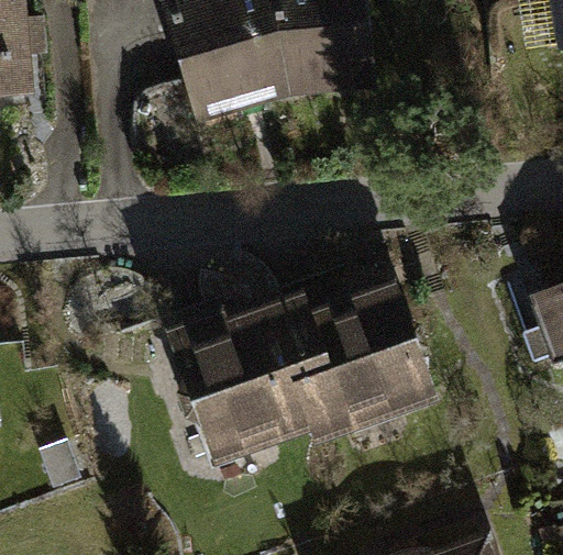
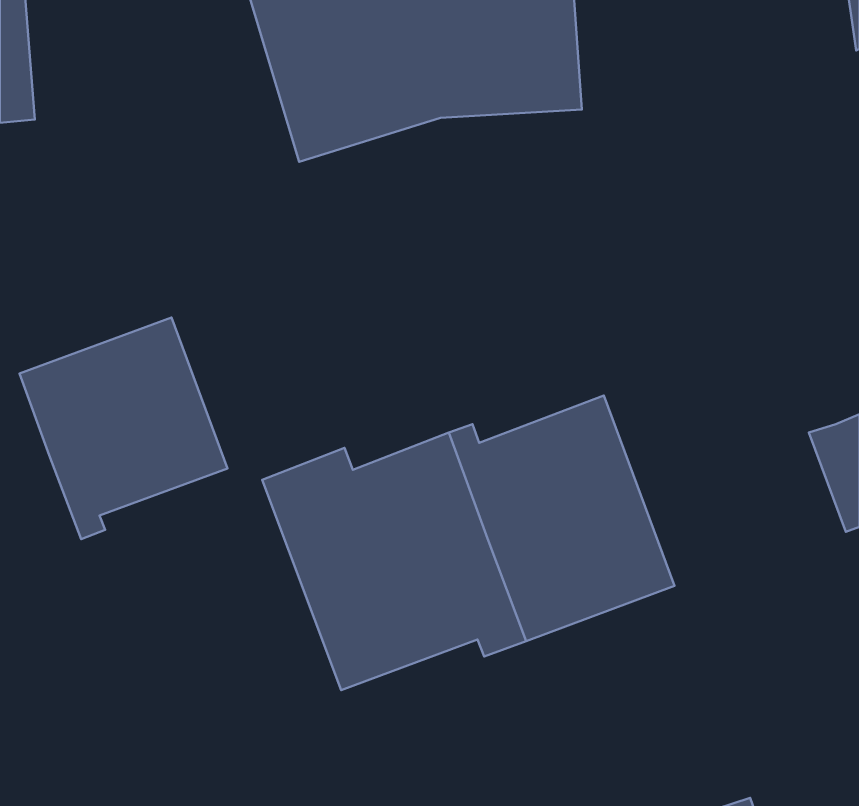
building: none -> [20,317,227,539]

